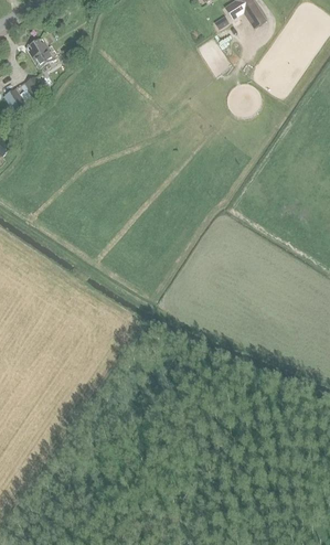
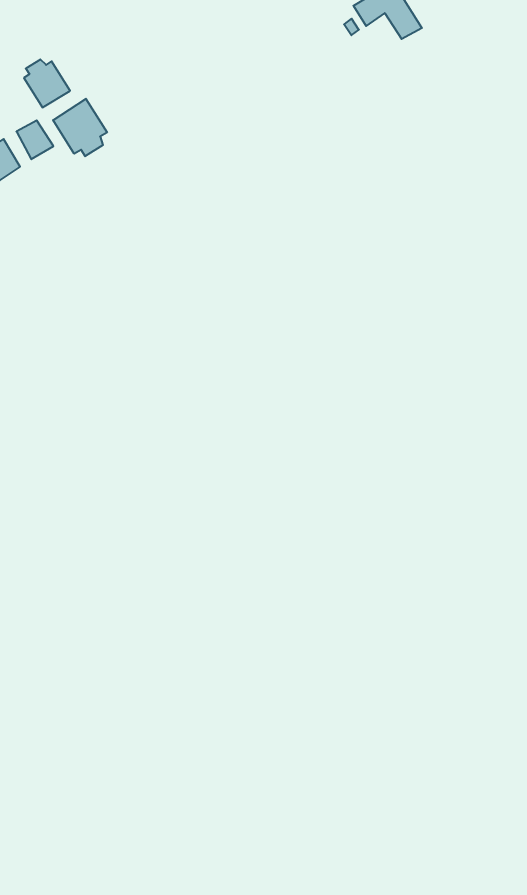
building: none -> [53,99,107,156]

